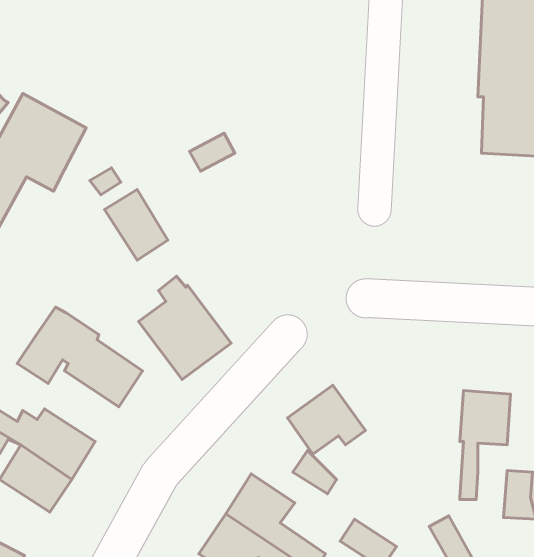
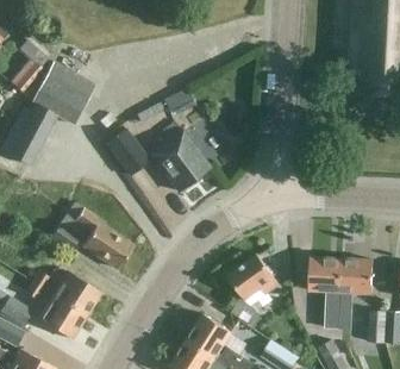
building: [139,276,231,379] -> [148,121,208,189]
building: none -> [308,256,342,329]

